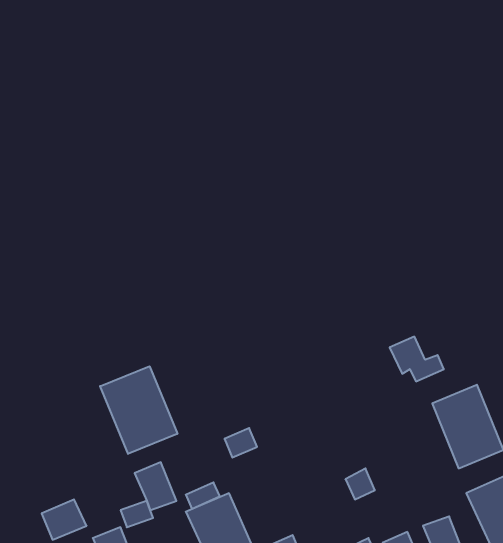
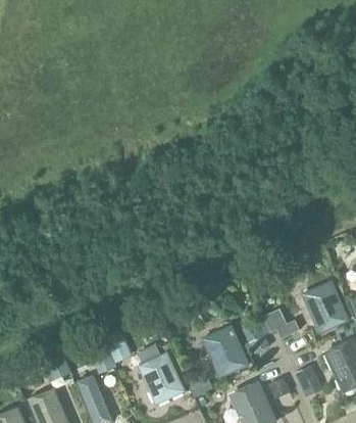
building: [390,337,444,381] -> [264,308,300,337]
building: [100,366,177,454] -> none
building: none -> [203,324,249,378]

